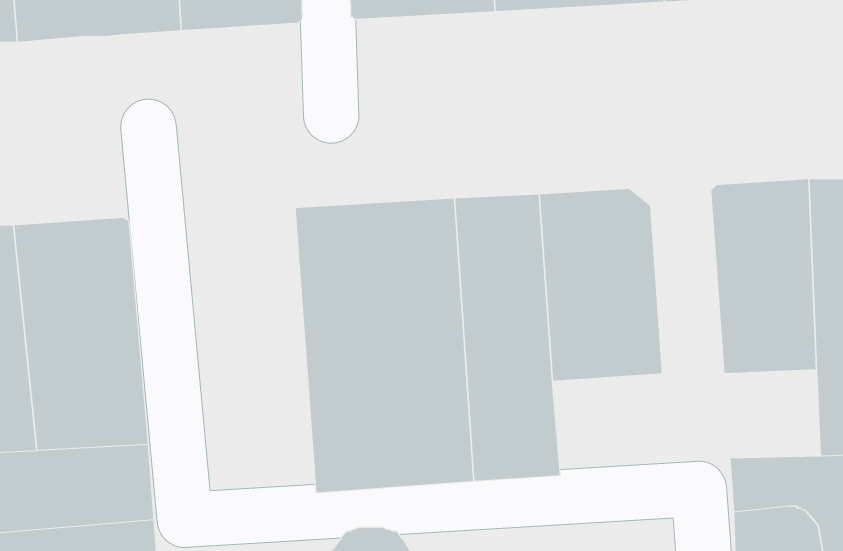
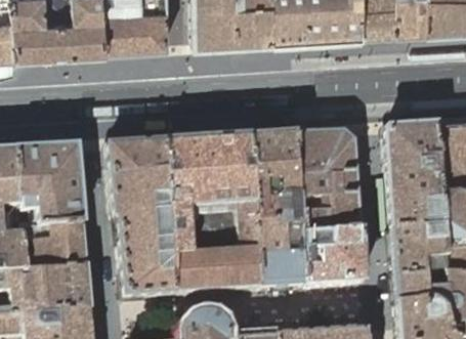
building: none -> [109,142,176,297]
building: none -> [393,228,444,276]
building: none -> [302,230,364,285]

